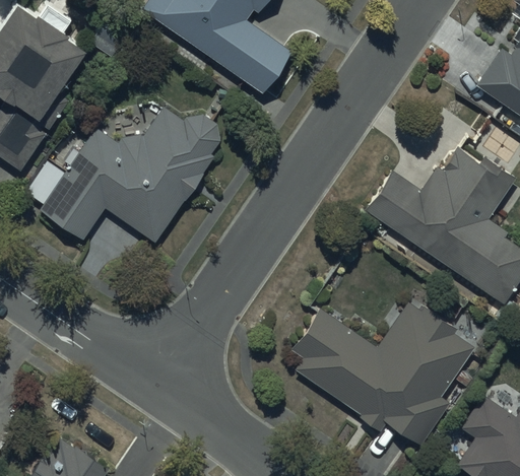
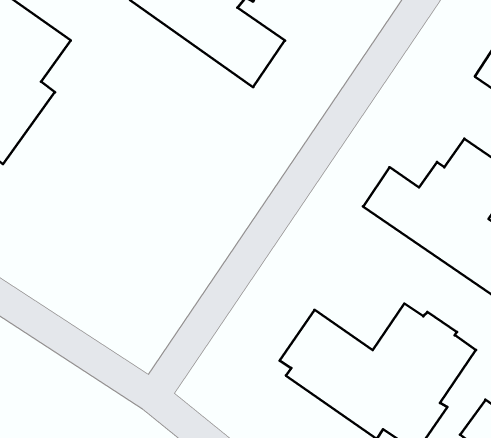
building: [26,107,222,240] -> none

